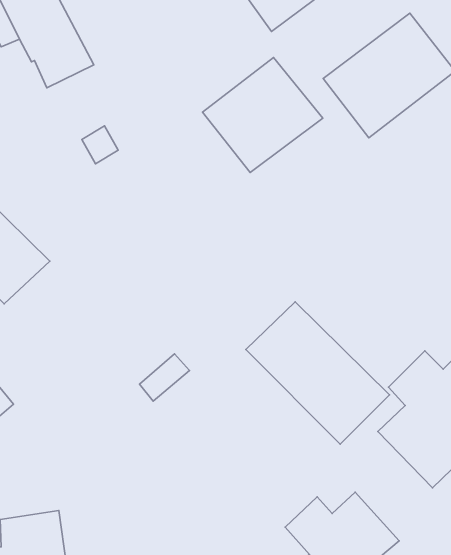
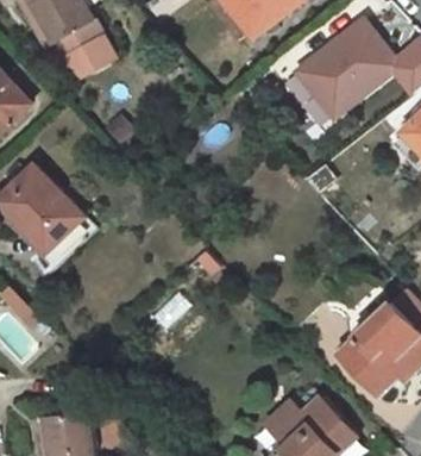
building: [202,57,323,173] -> none
building: [246,302,389,444] -> none

